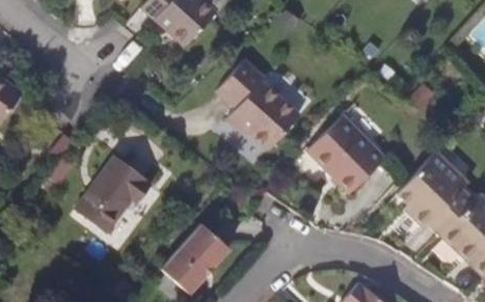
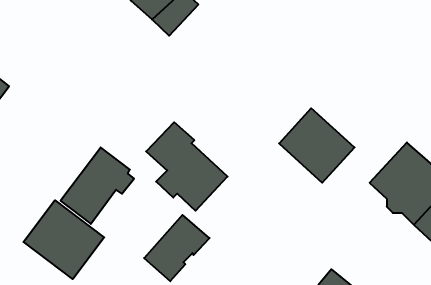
building: [217,56,301,147] -> [146,122,228,211]
building: none -> [23,200,104,279]

